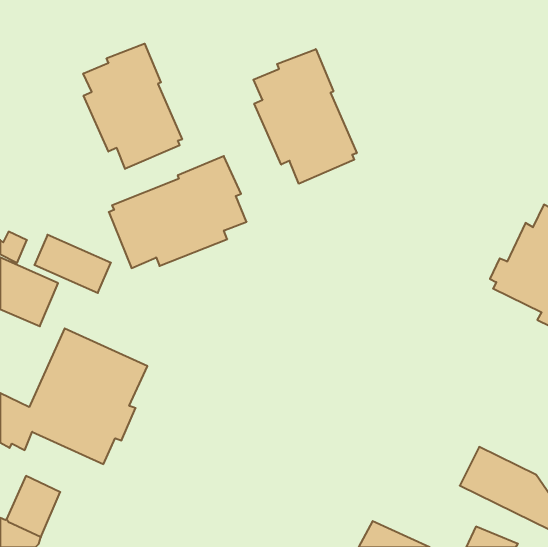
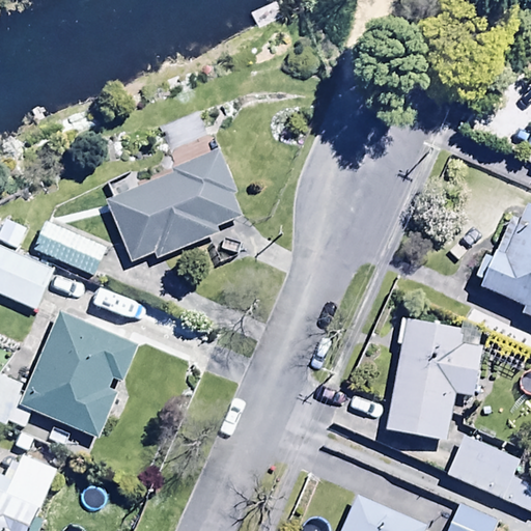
building: [83,44,182,169] -> none
building: [253,49,357,184] -> none
building: none -> [384,313,479,437]

